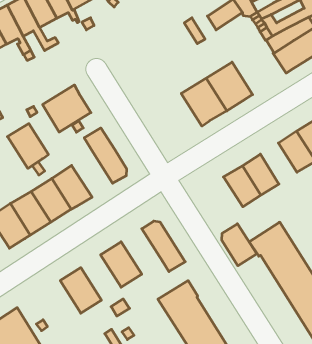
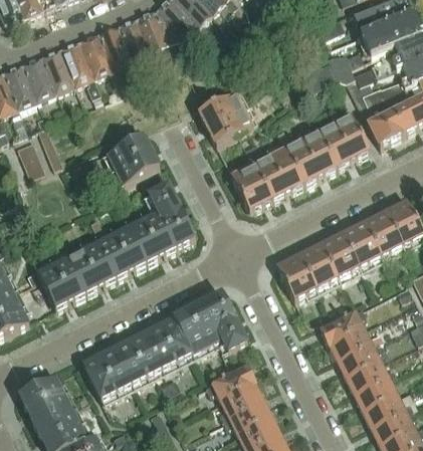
building: none -> [199,92,259,155]
building: none -> [320,112,369,166]
building: none -> [230,157,279,208]
building: [7,124,48,168] -> [132,212,175,261]
building: none -> [341,222,379,267]
building: [222,224,257,266] -> [278,253,315,299]
building: none -> [178,301,221,352]
building: none -> [131,325,173,376]
building: none -> [82,350,126,400]

